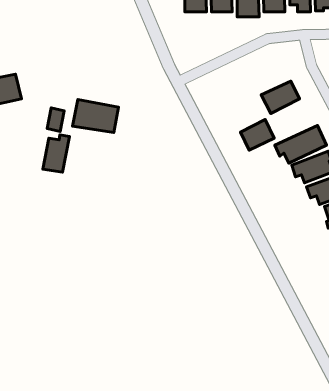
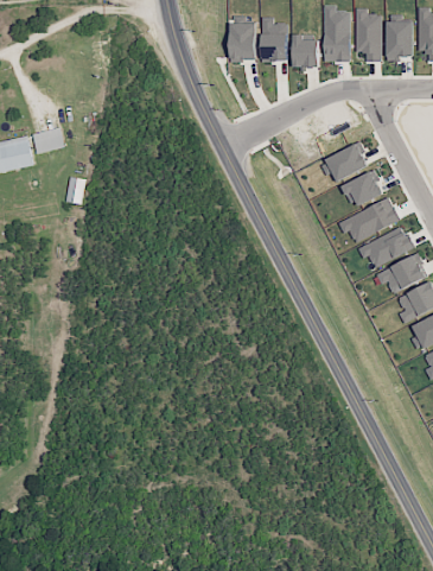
building: none -> [32,127,64,153]
building: [72,99,118,132] -> none
building: [240,119,274,150] -> [342,170,382,207]
building: [43,135,69,172] -> none

